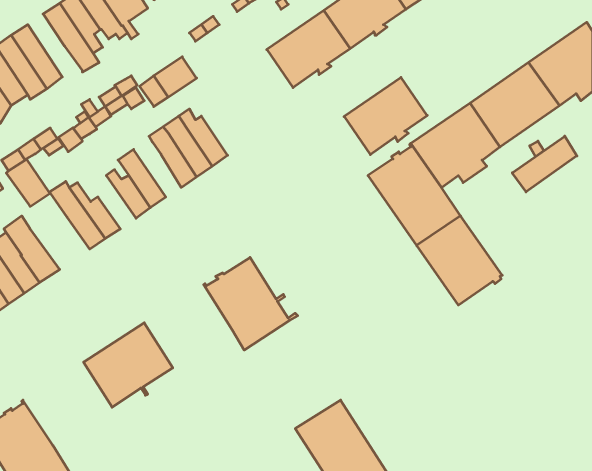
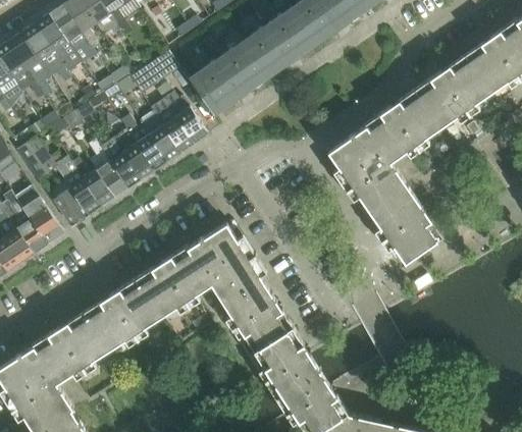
building: none -> [35,14,82,73]
building: [344,77,427,155] -> [191,45,262,111]
building: none -> [120,116,166,171]
building: [512,136,577,192] -> none
building: none -> [87,141,127,199]
building: none -> [52,188,88,228]
building: none -> [135,247,210,318]
building: none -> [220,277,303,374]
building: none -> [31,313,107,384]

